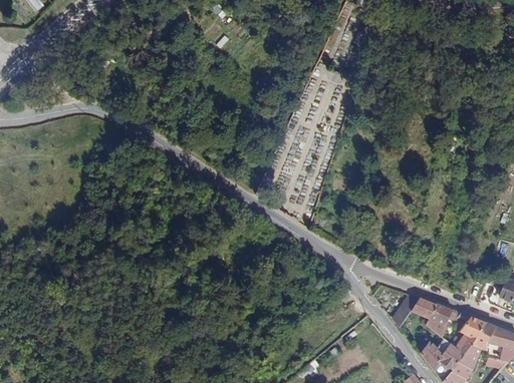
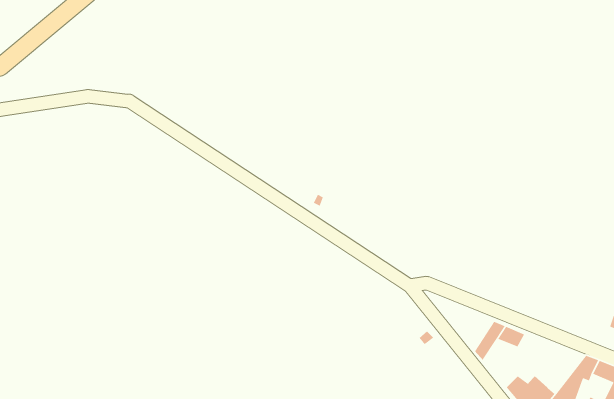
building: [425,303,461,334] -> none
building: [454,316,485,355] -> none

